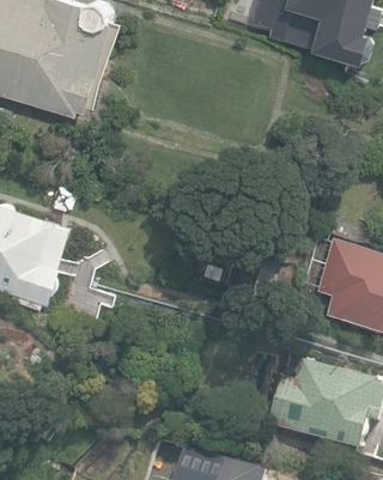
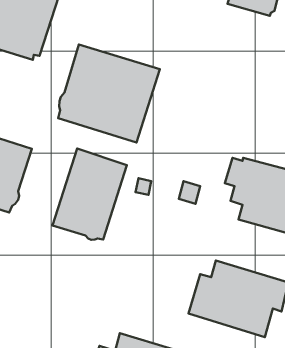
building: none -> [58,44,160,142]
building: none -> [53,148,127,240]

